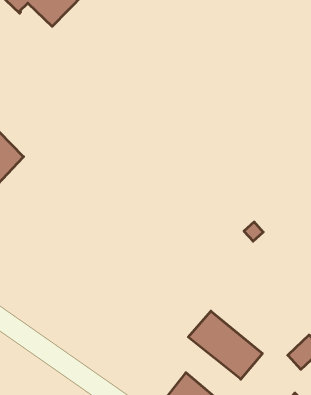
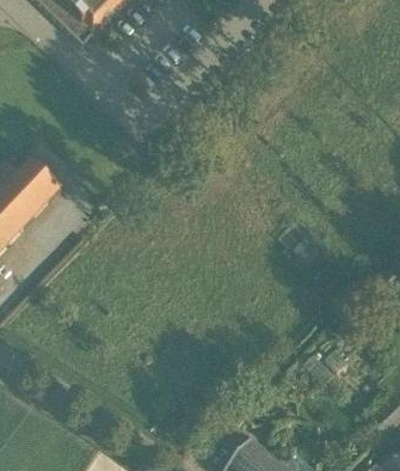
building: [188,311,262,379] -> none

